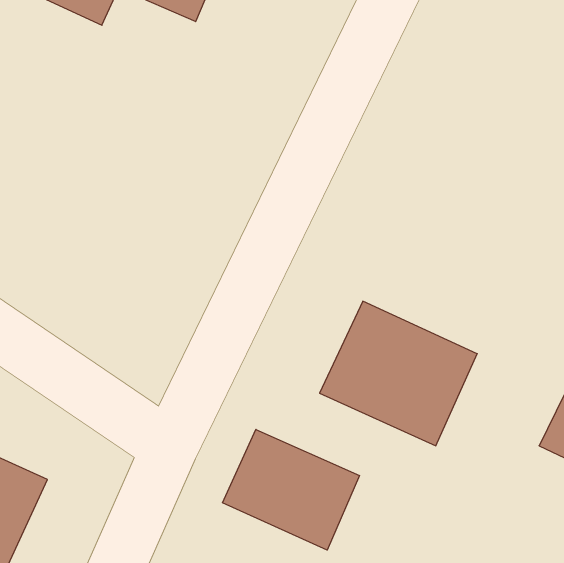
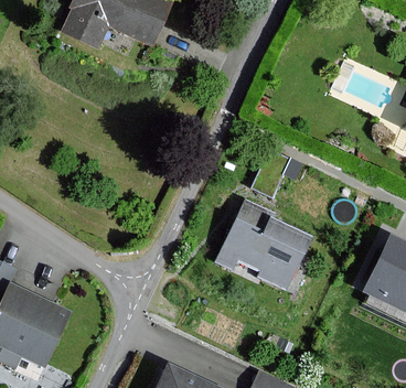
building: [223,429,359,550] -> none

